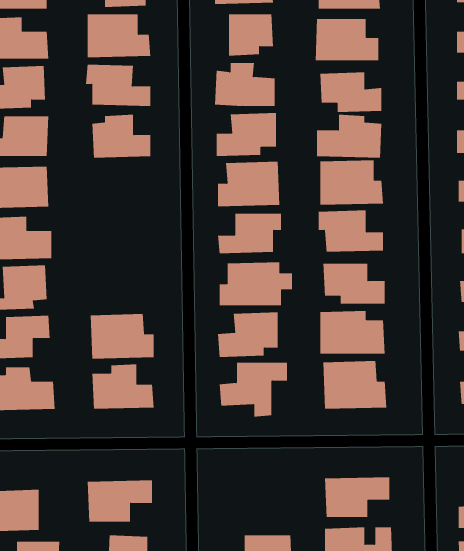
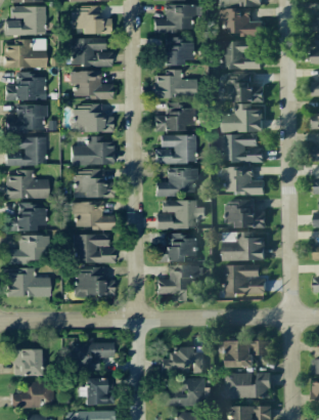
building: none -> [72,136,115,165]
building: none -> [75,169,106,198]
building: none -> [75,202,113,228]
building: none -> [162,346,203,373]

